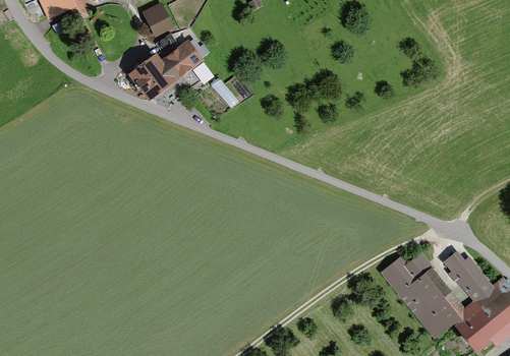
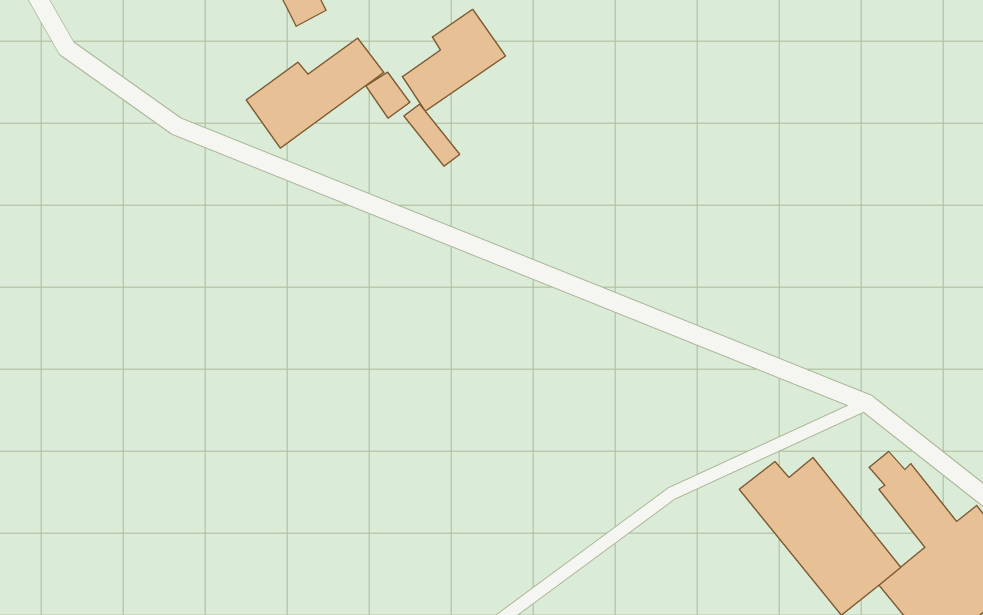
building: none -> [402,9,505,111]

